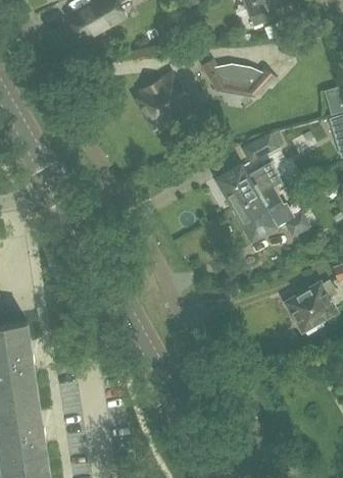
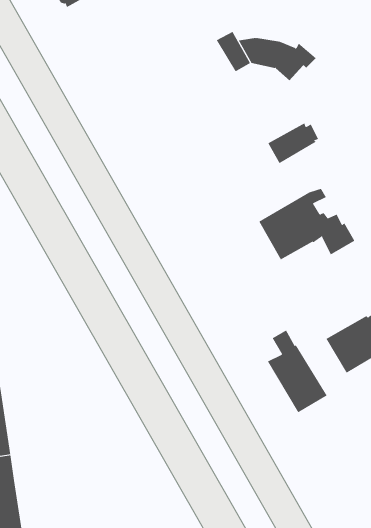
building: [137,72,193,129] -> none
building: [215,162,283,210] -> none
building: none -> [267,330,328,413]

